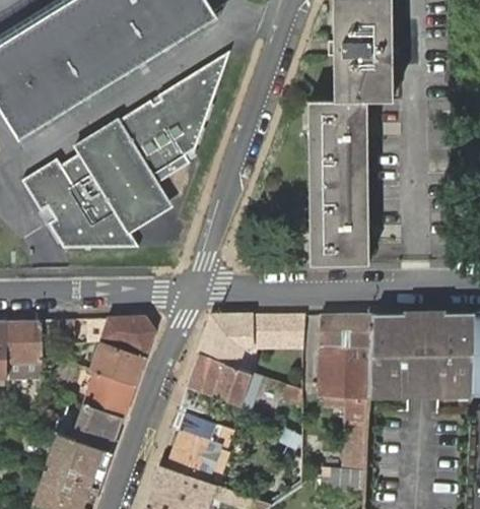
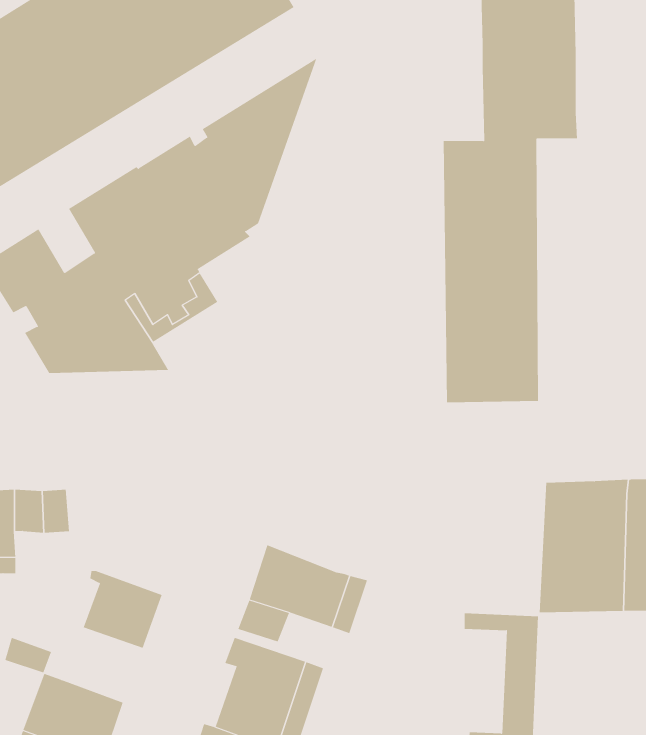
building: [317,315,371,398] -> none
building: [256,316,303,348] -> none
building: [198,317,250,371] -> none
building: [102,318,152,353] -> none
building: [91,342,143,385] -> none
building: [70,405,121,452] -> none

